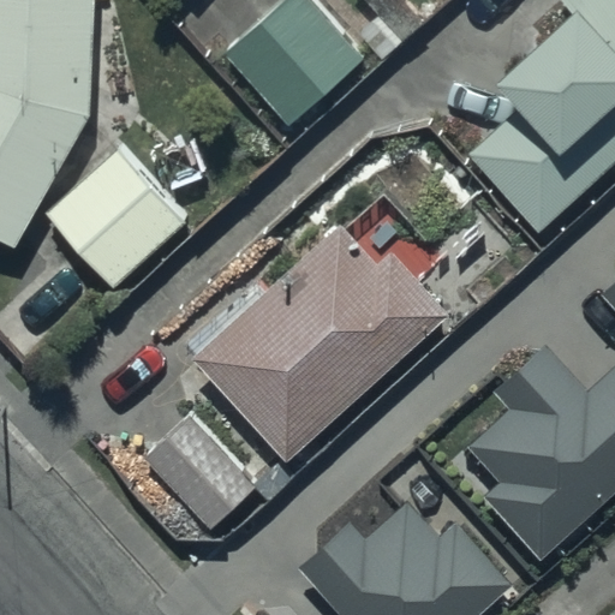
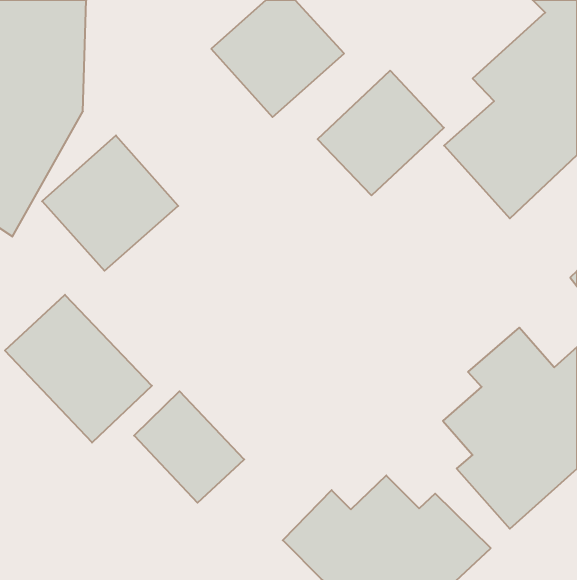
building: none -> [318,71,444,195]
building: [191,221,443,462] -> none
building: none -> [5,295,152,443]

